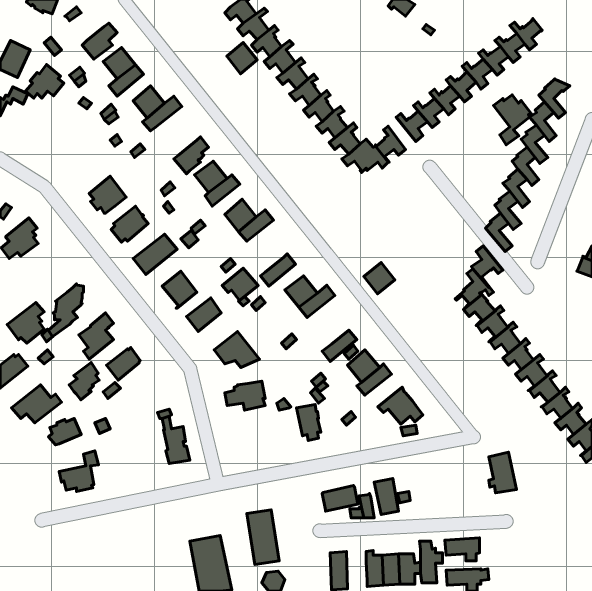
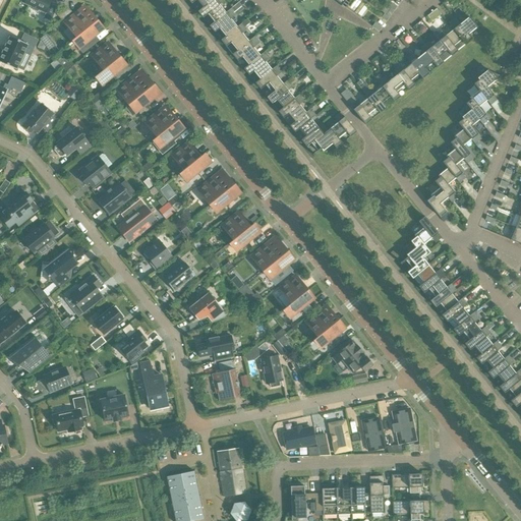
building: none -> [64,8,92,36]
building: [227,42,257,74] -> none
building: [26,65,64,98] -> [22,103,56,132]
building: [493,95,531,145] -> none
building: none -> [144,108,173,136]
building: none -> [54,127,91,156]
building: [364,262,395,294] -> [279,275,306,302]
building: [222,268,258,301] -> [218,211,249,239]
building: [7,303,44,343] -> [23,220,56,255]
building: [69,363,99,400] -> [120,330,147,362]
building: none -> [211,359,241,401]
building: none -> [100,390,128,420]
building: [489,452,517,493] -> [392,407,416,443]
building: none -> [361,417,384,450]

